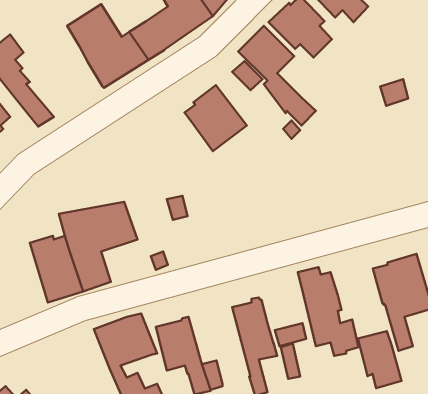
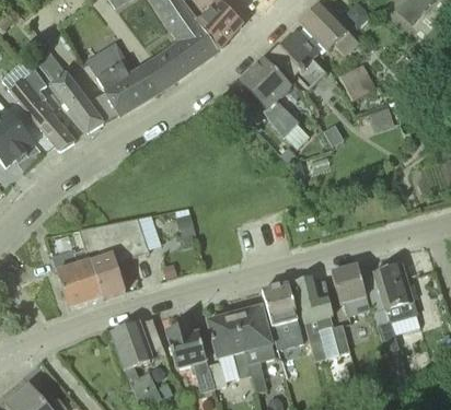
building: none -> [36,47,119,130]
building: none -> [339,65,371,98]
building: [185,85,247,151] -> none
building: none -> [262,282,298,325]
building: none -> [208,312,252,377]
building: [358,331,402,388] -> [332,263,371,315]

